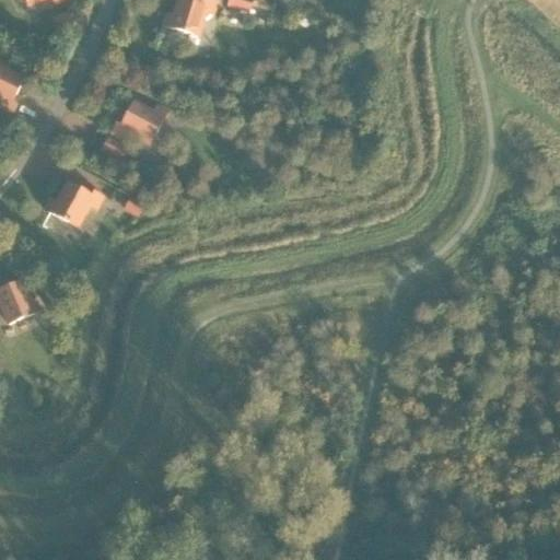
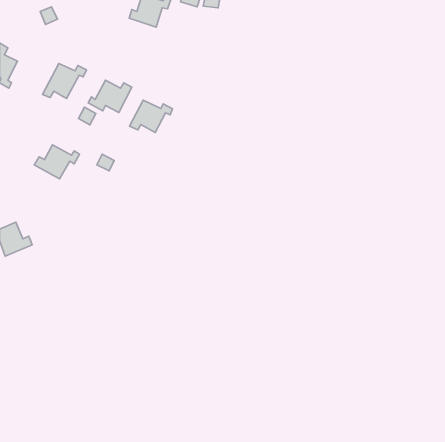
building: none -> [42,63,86,98]
building: none -> [129,100,173,132]

